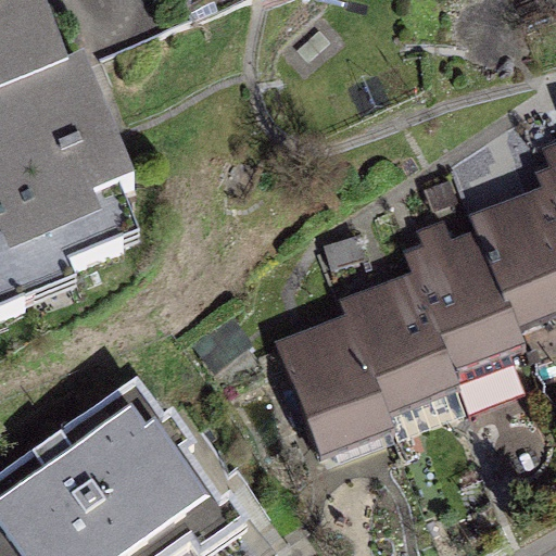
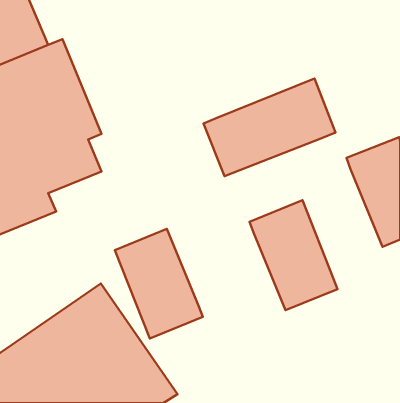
building: none -> [203,79,335,176]
building: [404,229,525,378] -> none
building: [274,315,393,464] -> [115,229,203,338]

